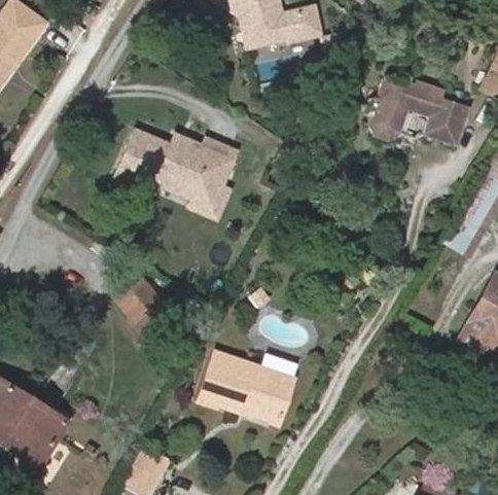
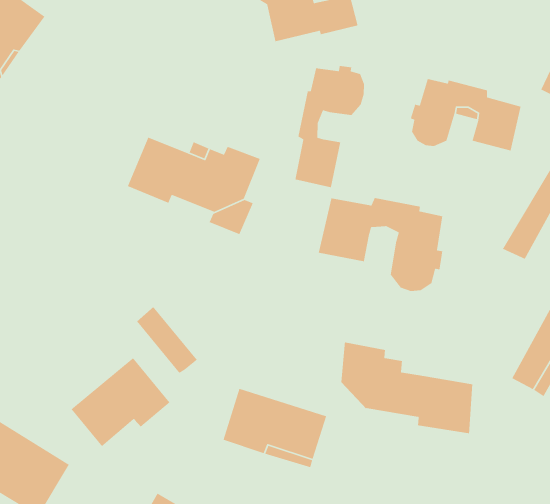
building: none -> [295,65,365,188]
building: none -> [318,197,443,292]
building: none -> [341,342,473,434]
building: none -> [70,357,170,447]

